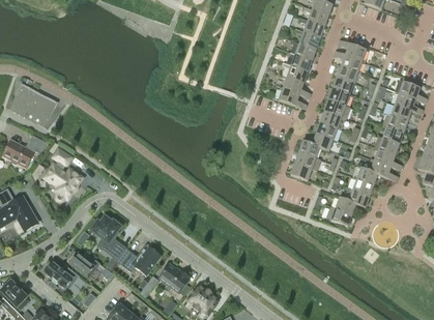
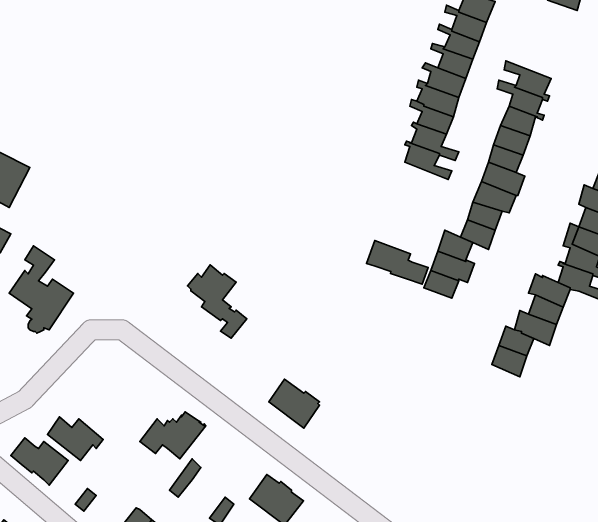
building: none -> [366,241,428,284]
building: [91,215,126,259] -> [187,265,247,338]
building: [158,263,189,292] -> [269,379,319,428]

